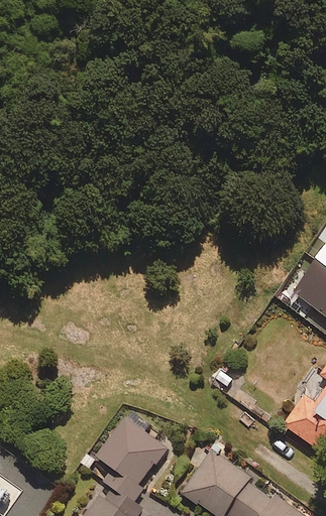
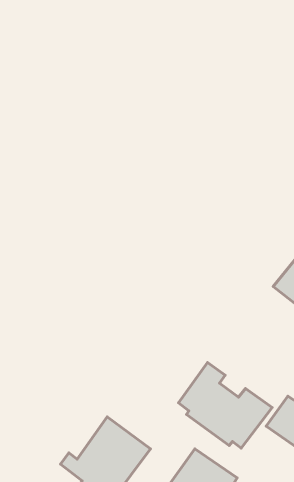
building: none -> [178,363,272,448]

